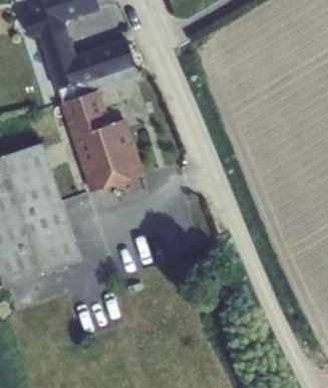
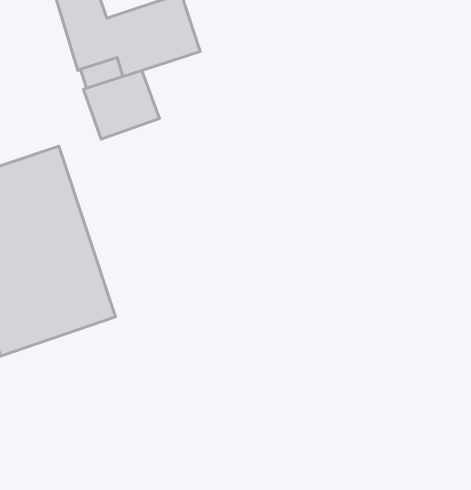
building: [71,118,144,192] -> none

